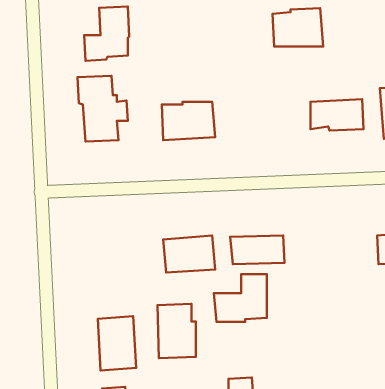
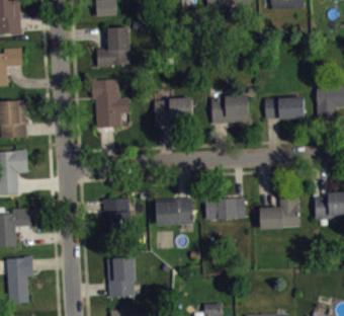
building: [273,8,323,46] -> [211,94,249,123]
building: [214,274,267,322] -> [259,193,298,229]
building: [158,304,196,358] -> [103,199,132,239]

